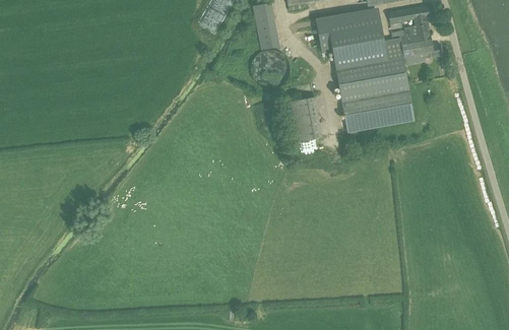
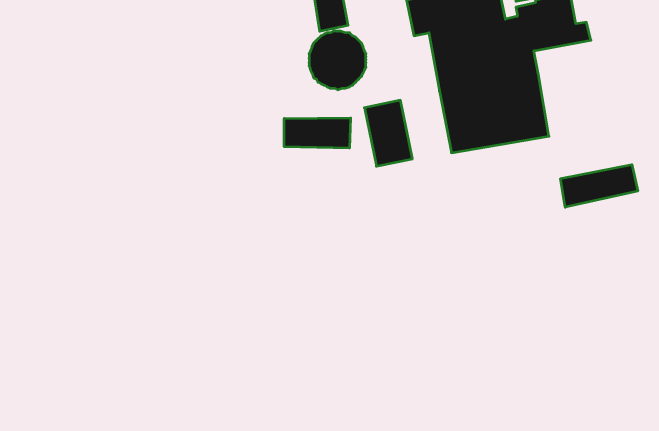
building: none -> [284,118,351,148]
building: none -> [561,165,638,207]

